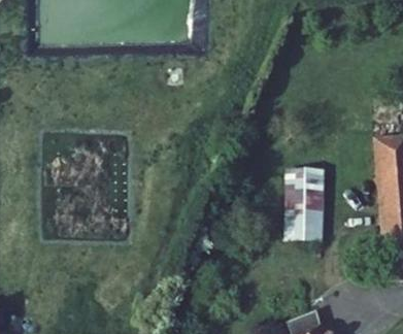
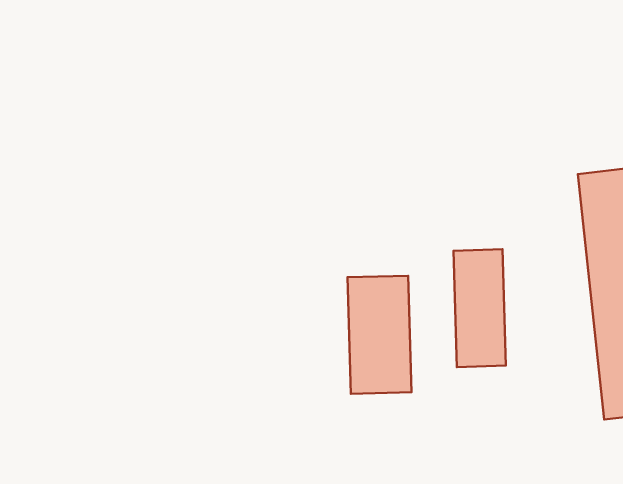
building: none -> [347,276,411,394]

